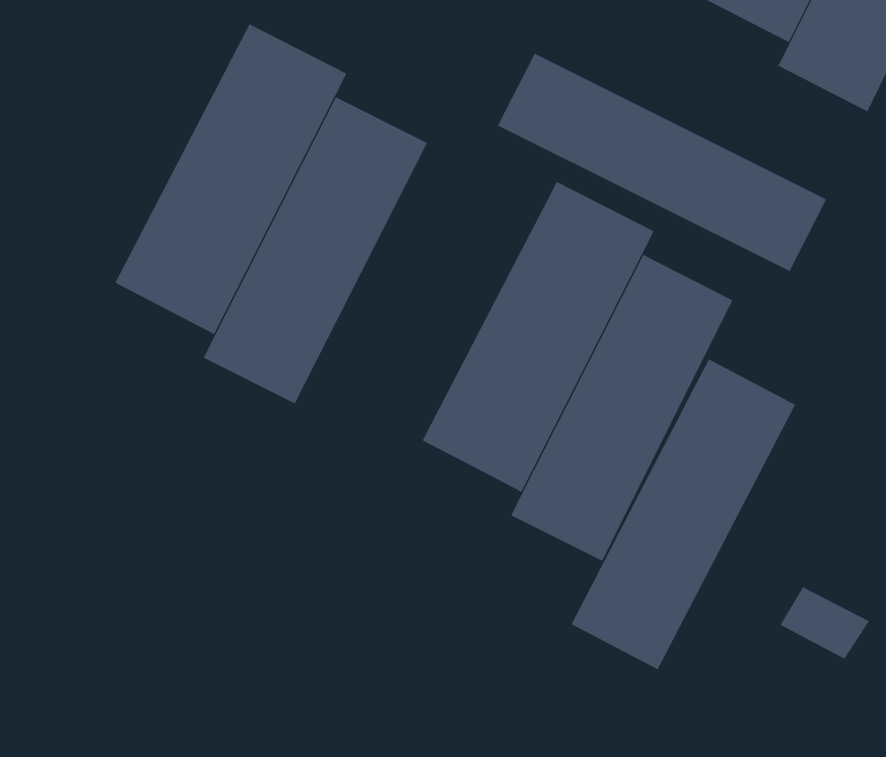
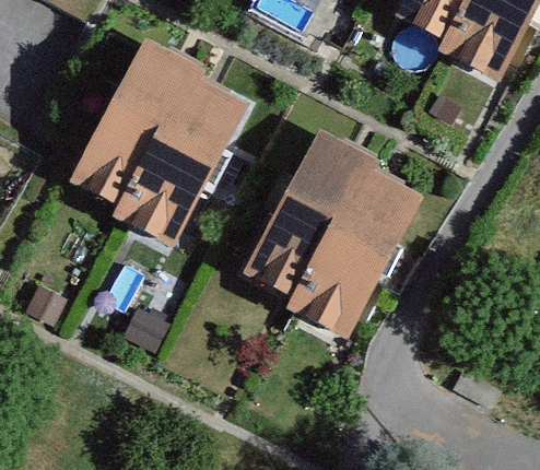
building: [497,53,827,272] -> none
building: [571,359,796,670] -> none

